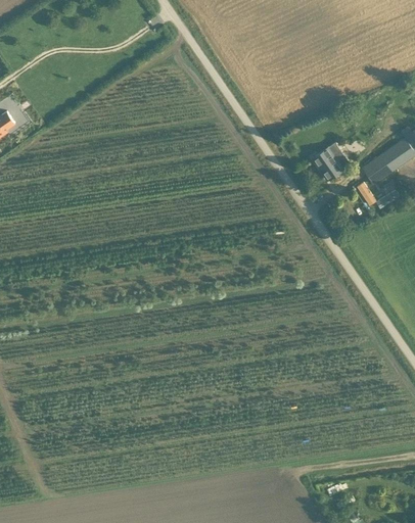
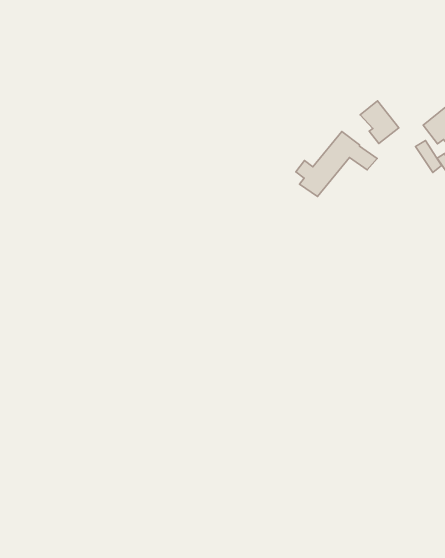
building: none -> [296,132,377,197]

